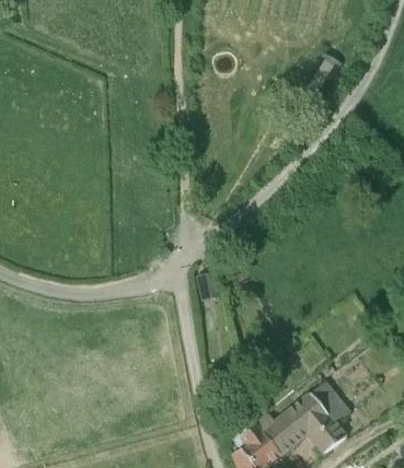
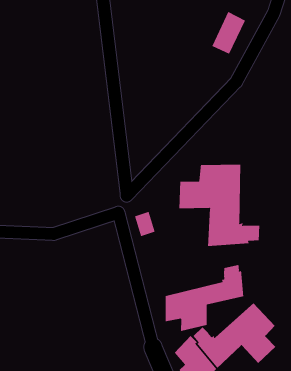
building: none -> [179,164,260,247]
building: none -> [165,264,244,332]

